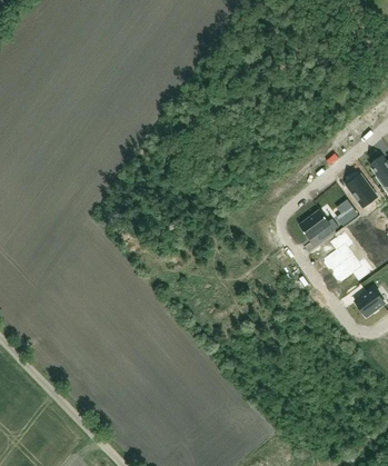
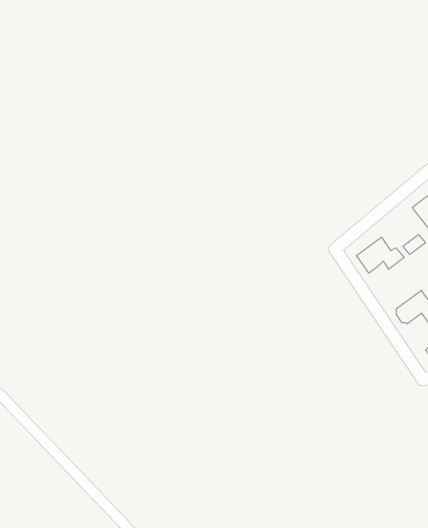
building: [324,230,354,269] -> none

